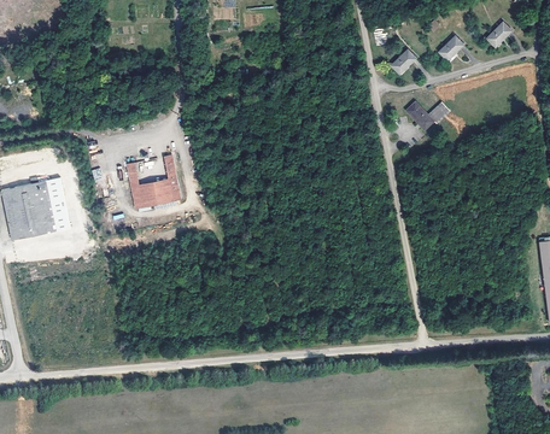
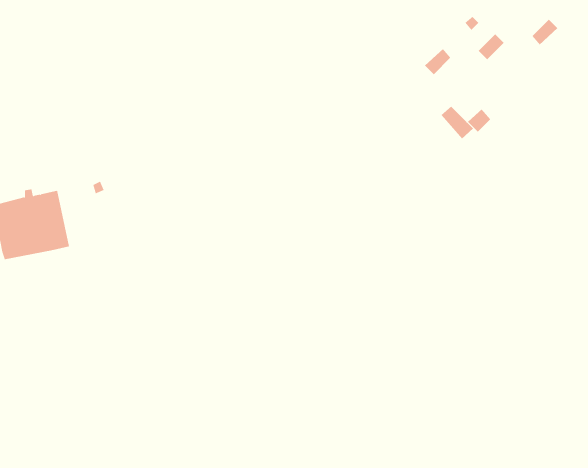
building: [124,153,180,207] -> none

